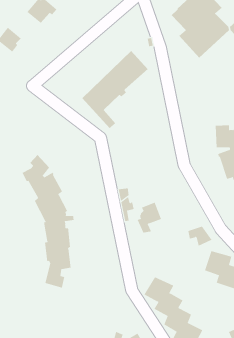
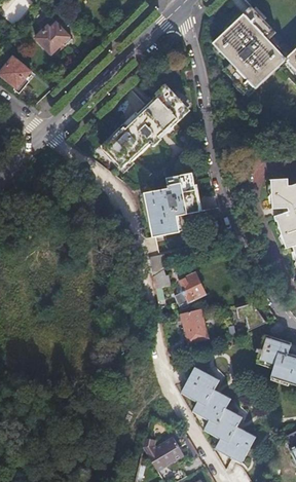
building: none -> [145,172,199,236]
building: [22,154,74,289] -> none
building: none -> [179,310,205,343]

